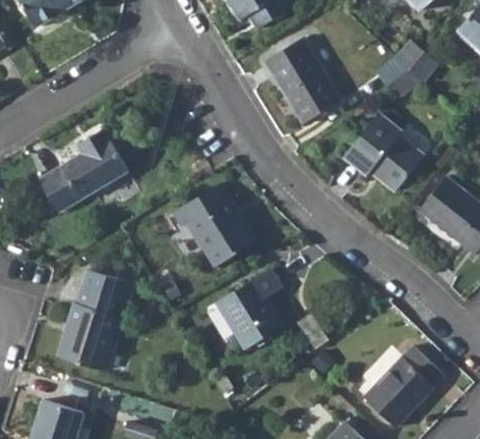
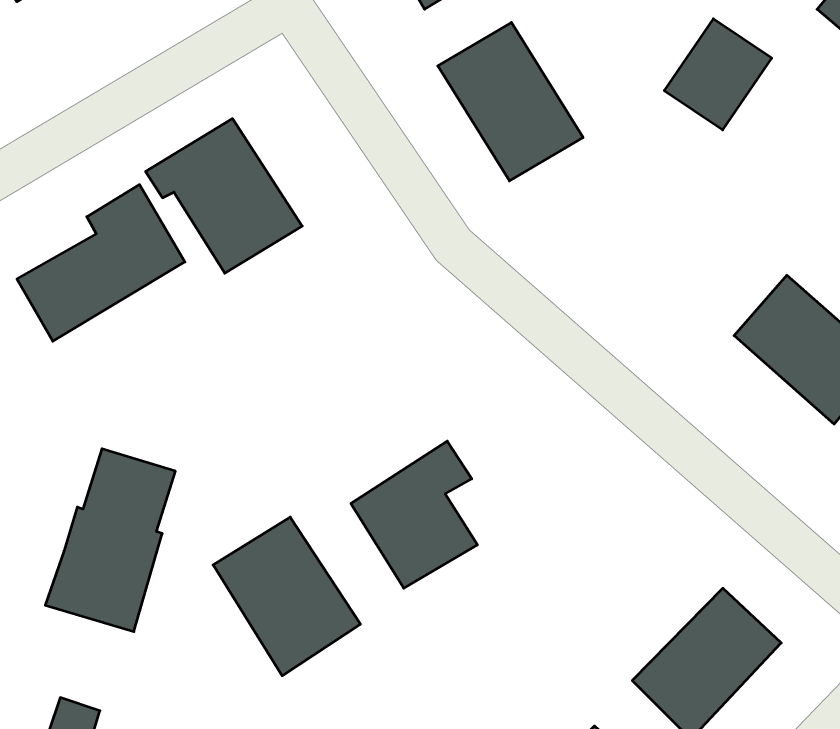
building: [344,115,423,193] -> none
building: [170,183,254,267] -> [146,119,302,273]
building: none -> [213,517,360,676]

